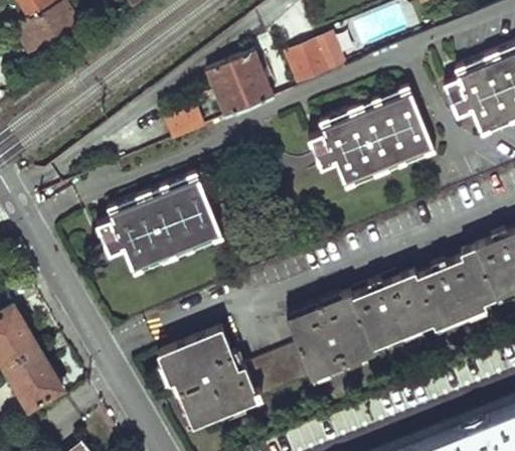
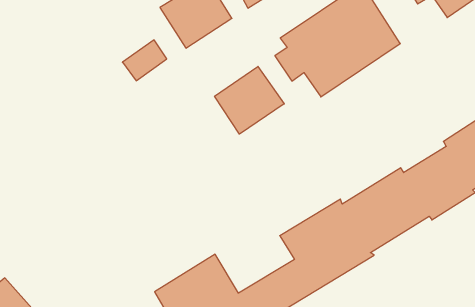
building: none -> [215,66,284,134]
building: [99,171,222,274] -> none

